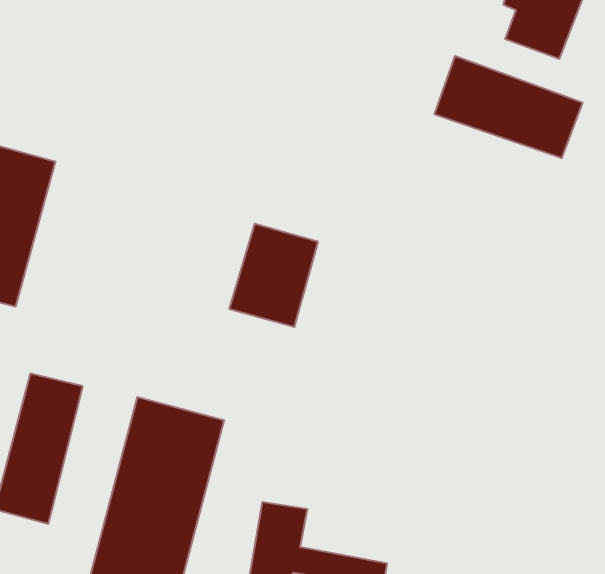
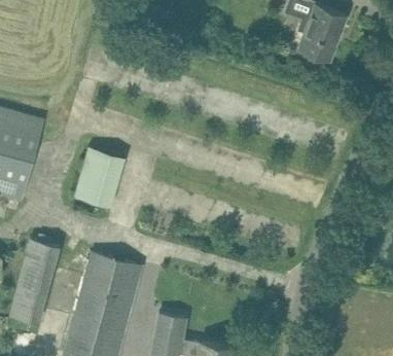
building: [435,56,582,158] -> none
building: [229,224,318,327] -> [75,147,126,206]

